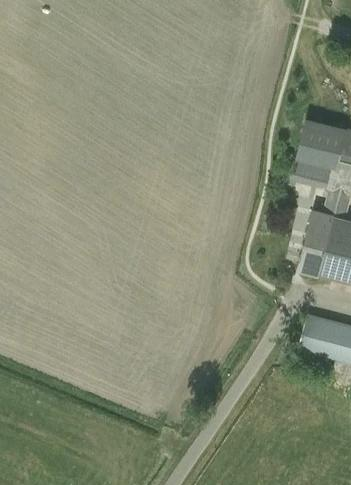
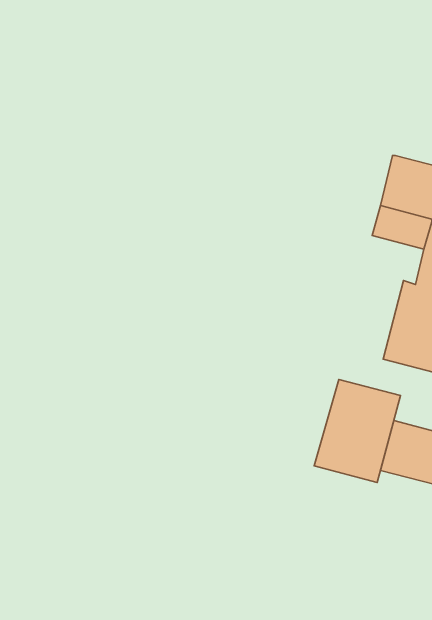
building: none -> [314,379,400,483]

